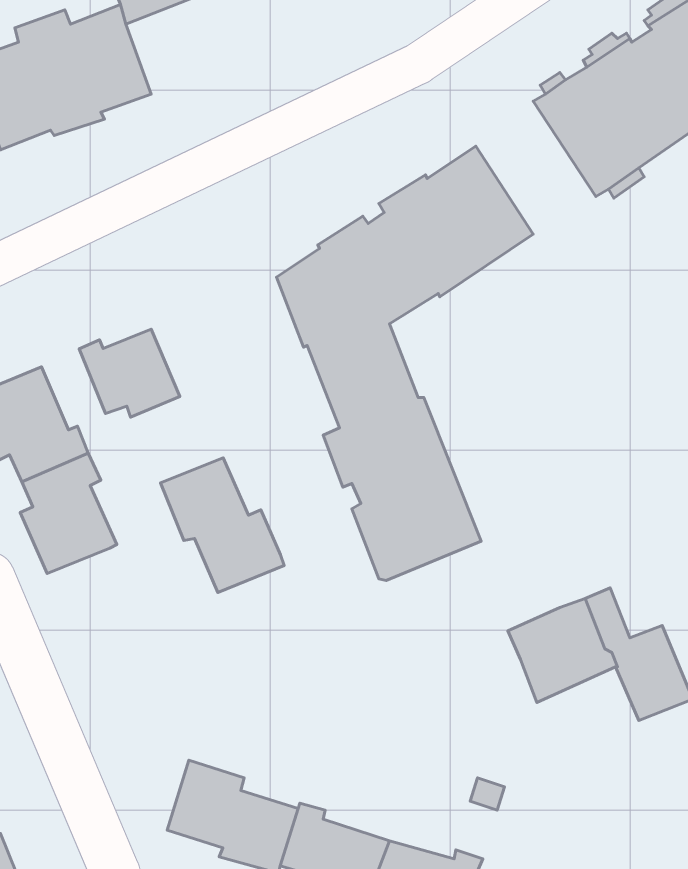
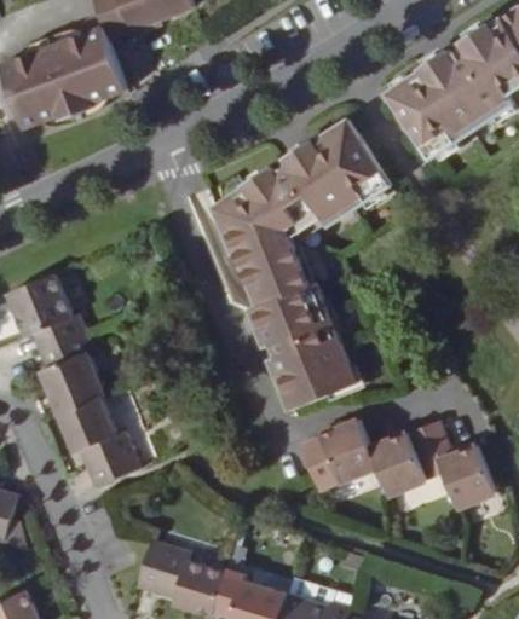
building: [79,329,180,417] -> none
building: [160,458,284,592] -> [57,394,140,485]
building: none -> [301,421,376,486]

